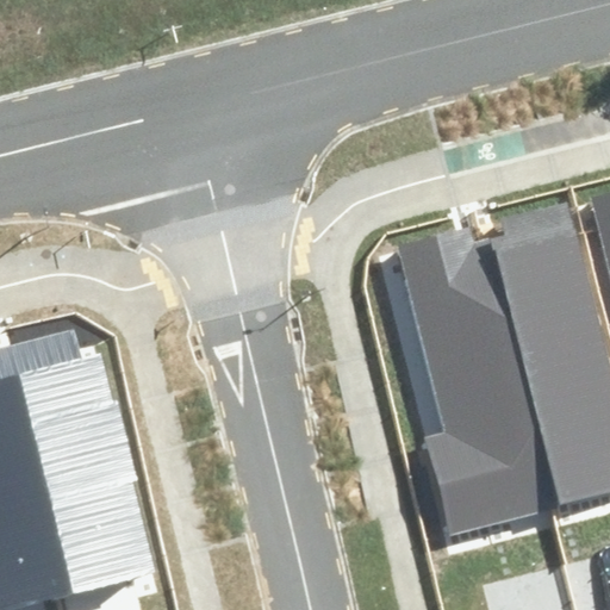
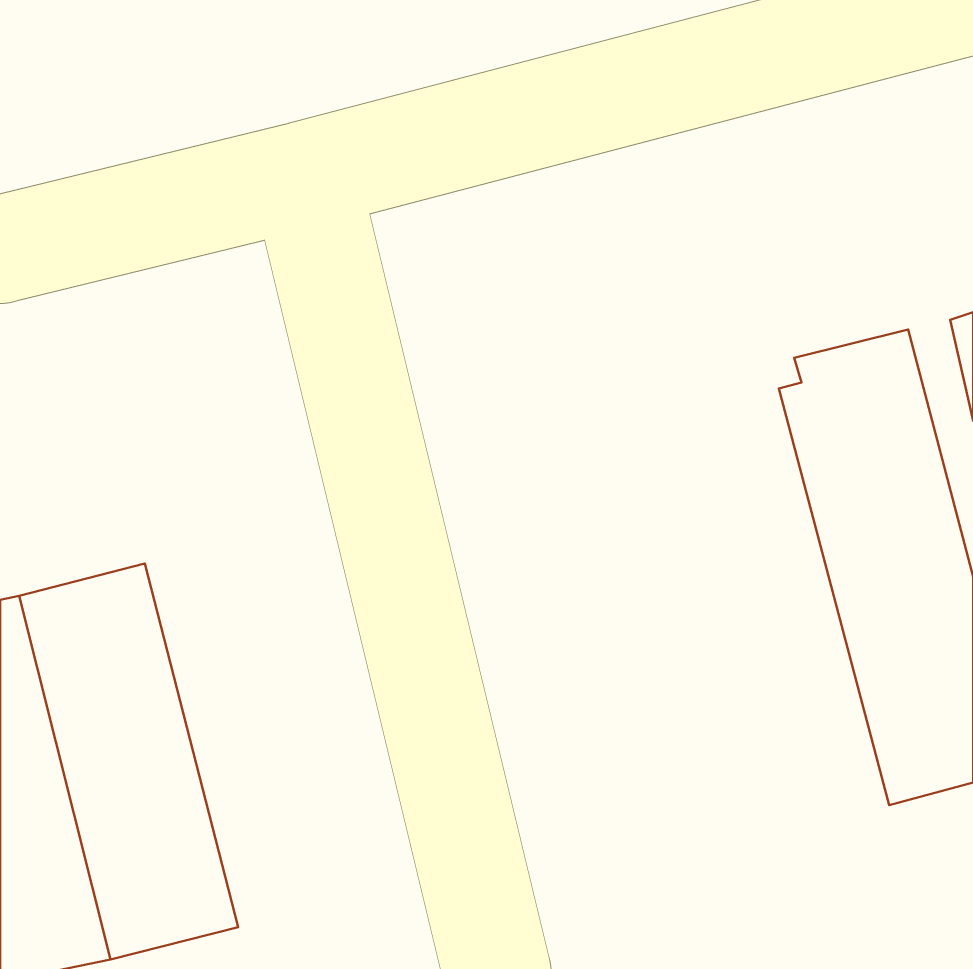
building: [396,228,556,531] -> none

